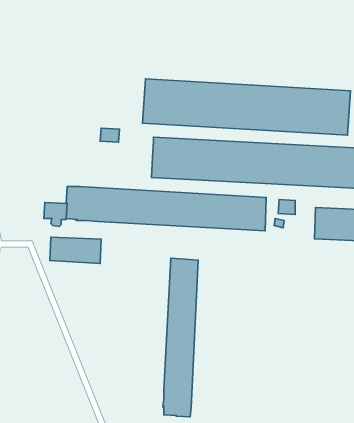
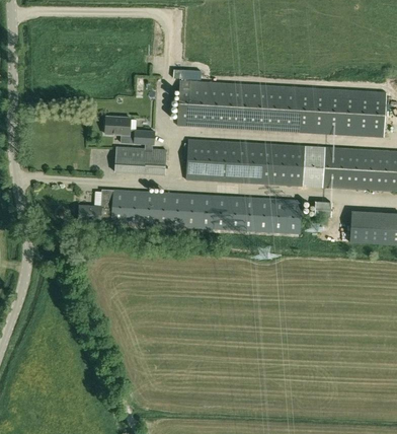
building: none -> [105,116,136,143]
building: [50,237,101,263] -> [114,147,166,173]
building: [163,258,198,417] -> none

